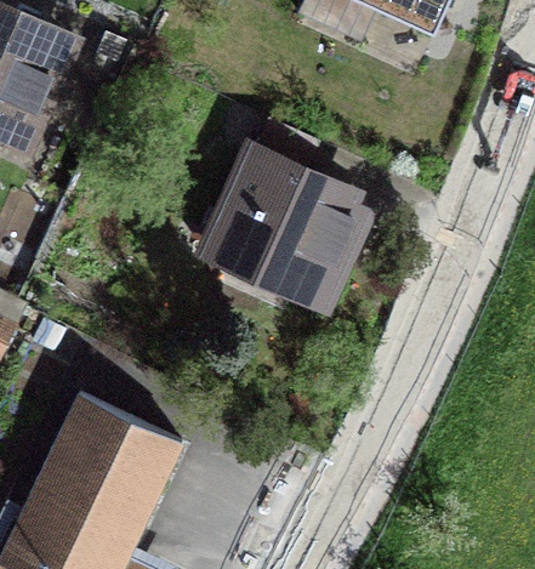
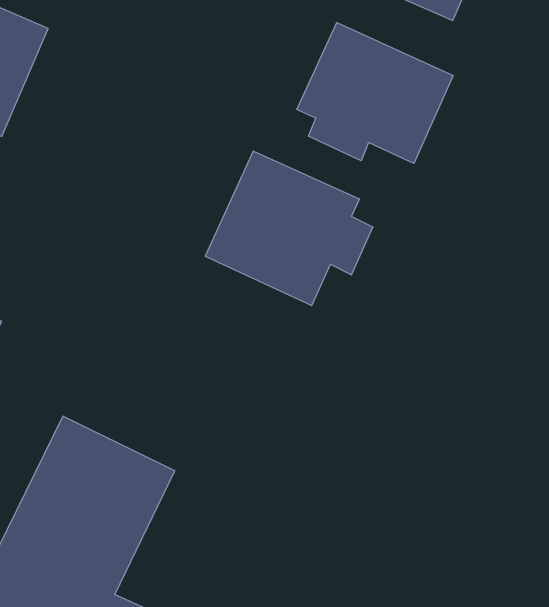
building: none -> [297,23,453,163]

